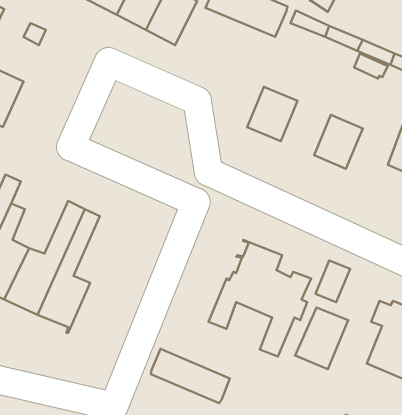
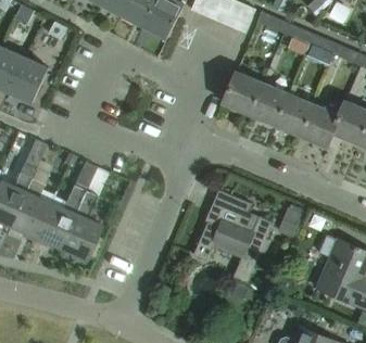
building: none -> [250,82,289,125]
building: none -> [301,104,340,147]
building: [295,308,348,369] -> none
building: [151,349,230,403] -> none

